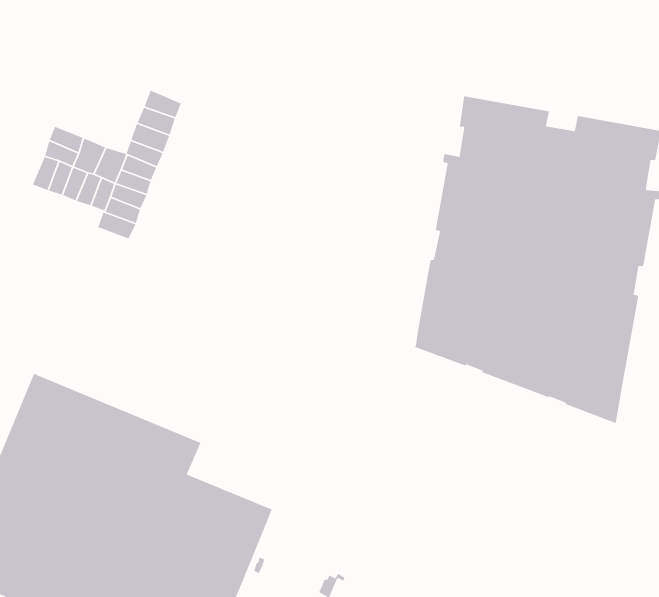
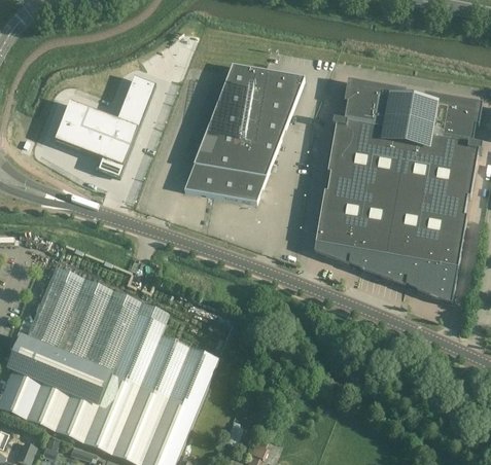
building: none -> [183,63,305,201]

